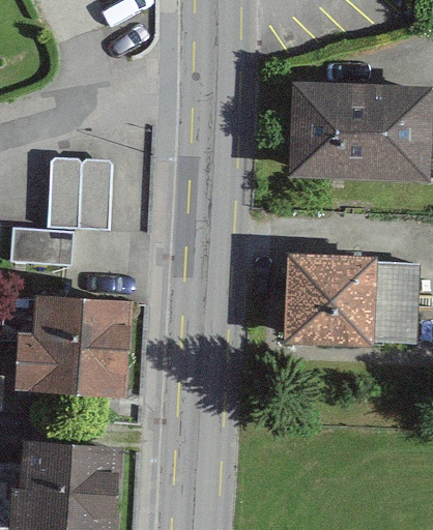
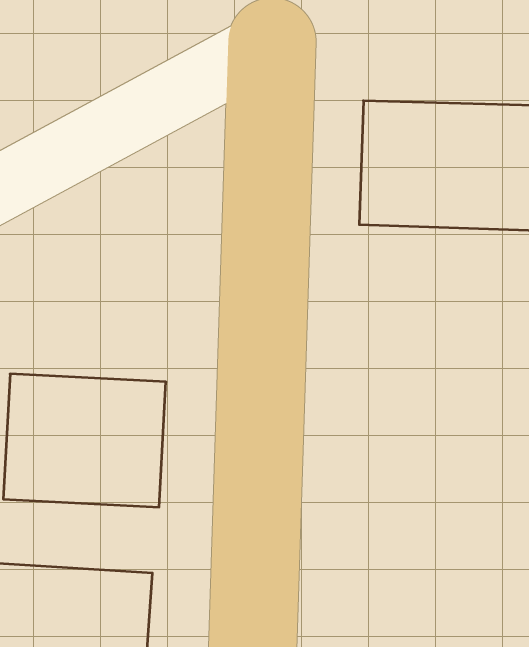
building: [11,156,111,265] -> none
building: [261,246,407,336] -> none

